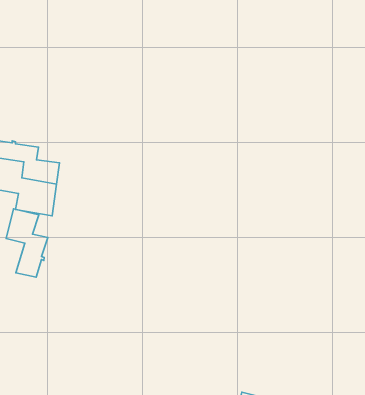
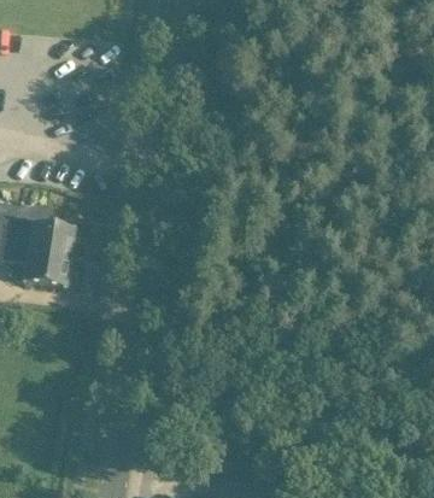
building: [6,209,48,277] -> none

